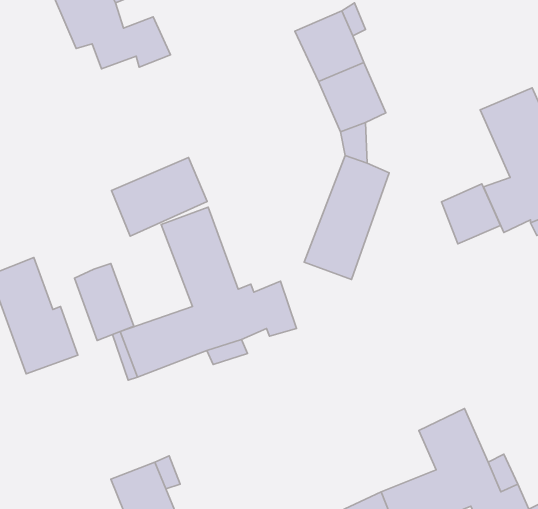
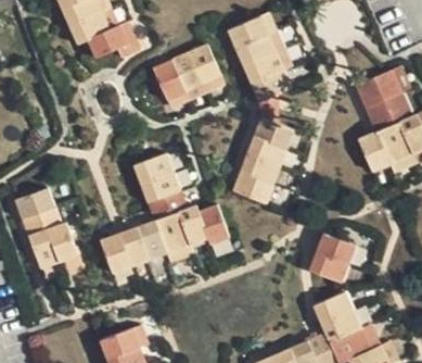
building: [111,158,207,236] -> [153,45,219,99]
building: [441,184,500,244] -> none
building: [74,264,134,341] -> none
building: none -> [309,234,353,283]

